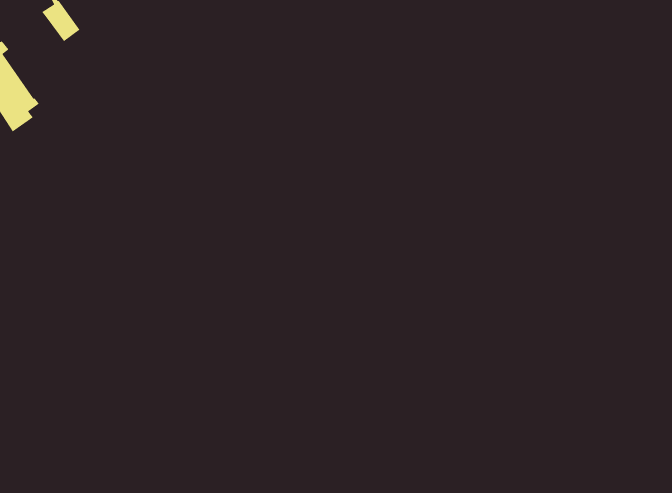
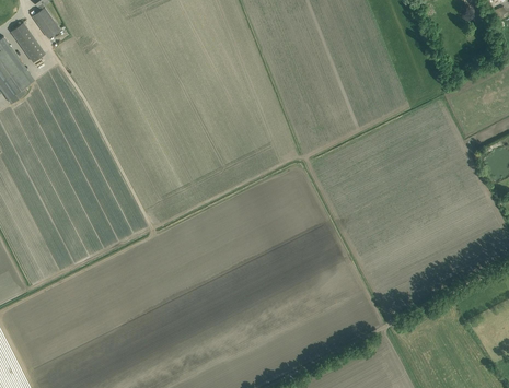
building: none -> [10,22,44,62]

